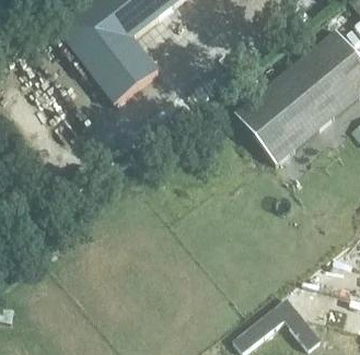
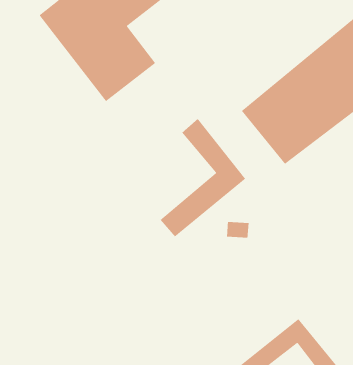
building: none -> [160,118,246,238]

